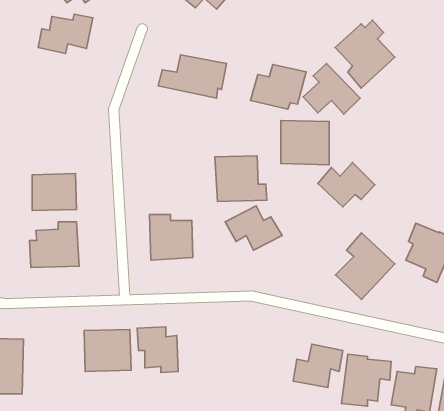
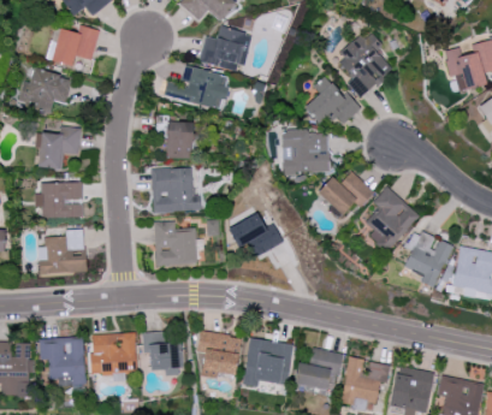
building: none -> [18,69,72,113]
building: [251,65,306,109] -> [198,26,253,70]
building: none -> [166,121,194,158]
building: none -> [36,125,81,168]
building: [215,156,267,202] -> [152,167,202,212]
building: [335,233,395,300] -> [362,185,420,250]
building: none -> [197,331,242,378]
building: none -> [40,337,85,385]
building: none -> [243,338,294,386]

